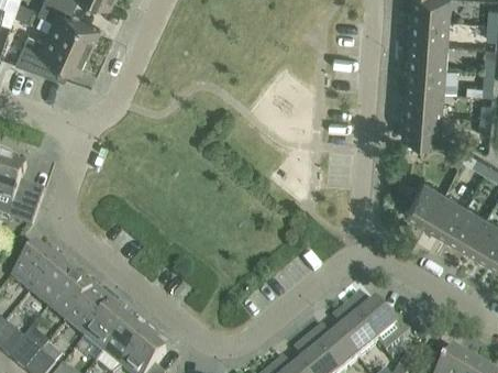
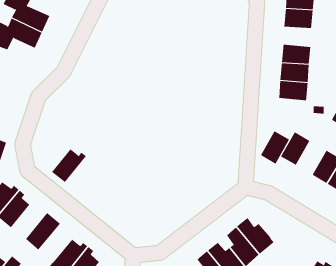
building: [408,41,446,67] -> none
building: [425,191,465,237] -> [260,130,290,164]
building: [48,276,96,321] -> [51,149,87,183]
building: [85,301,129,352] -> none

